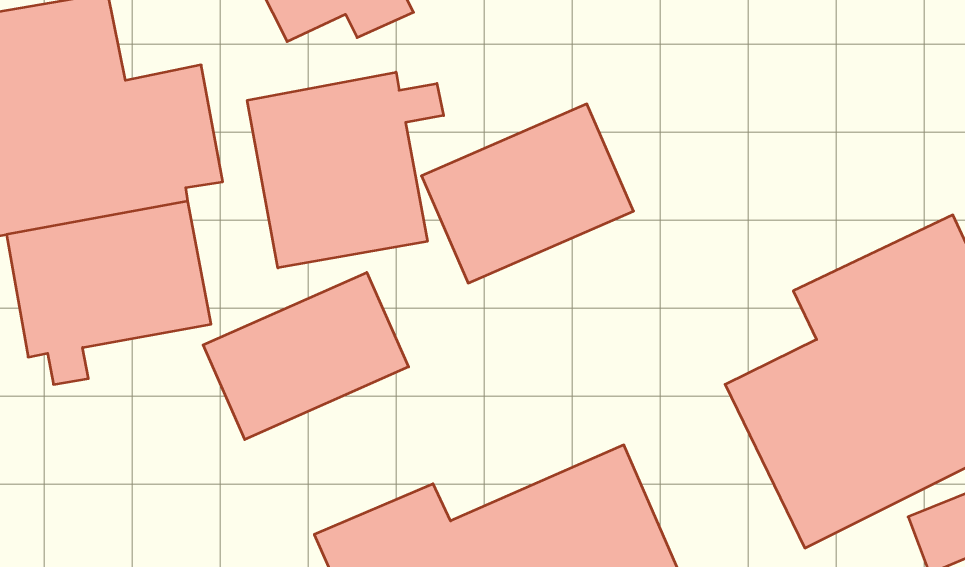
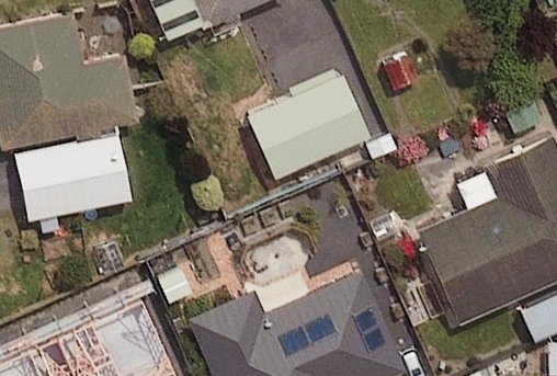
building: [247,72,444,268] -> none
building: [203,272,409,440] -> none

